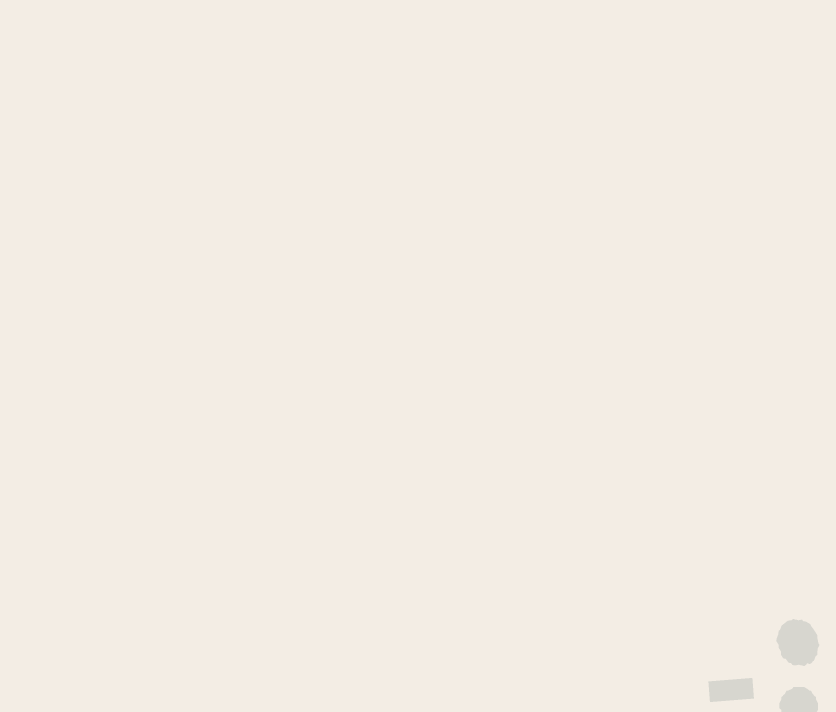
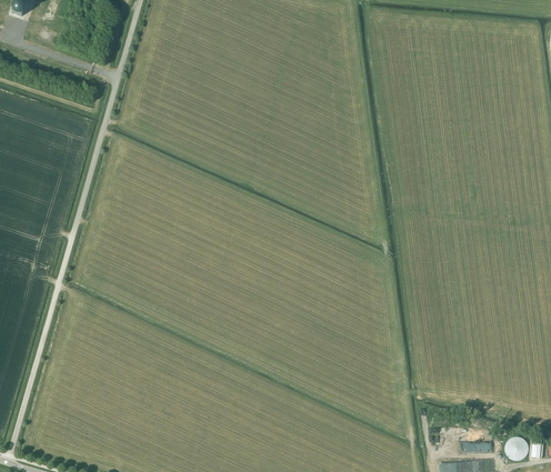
building: [775,618,820,667] -> none

